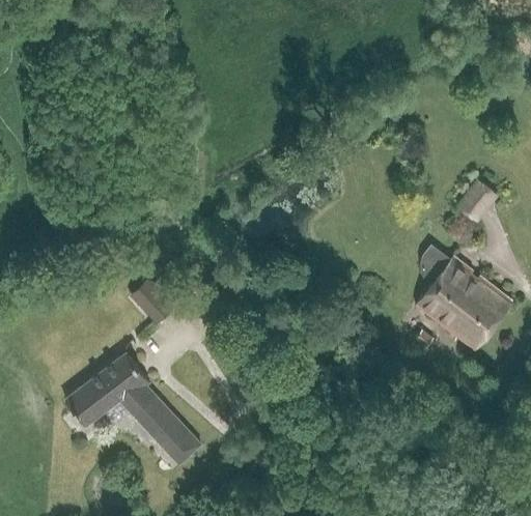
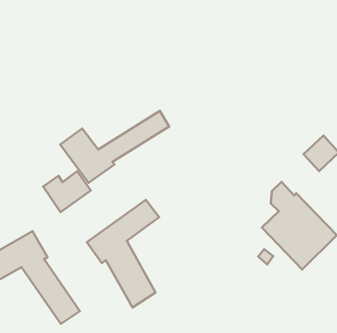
building: none -> [60,111,169,183]
building: none -> [87,200,159,307]

